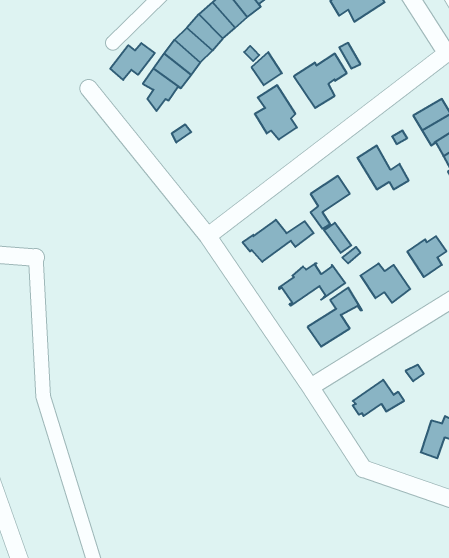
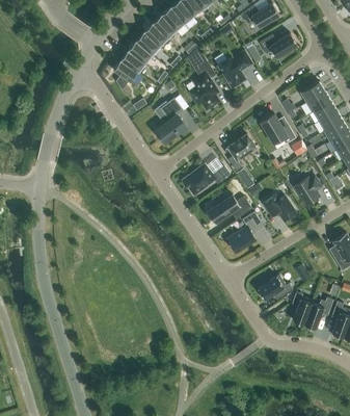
building: none -> [259,33,297,58]
building: [110,43,155,80] -> none
building: none -> [156,98,186,142]
building: none -> [292,291,313,324]

